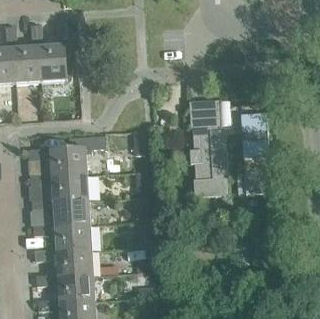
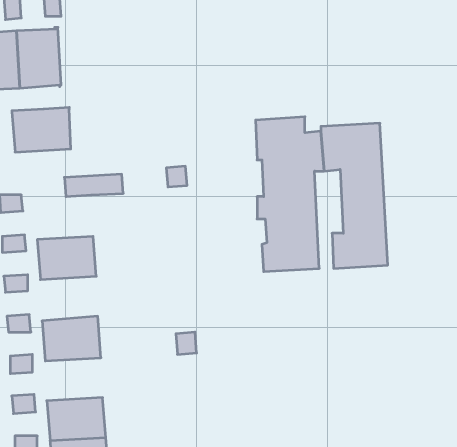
building: [49,148,86,176] -> [12,107,71,152]
building: [53,199,89,227] -> none
building: [56,250,92,277] -> none

